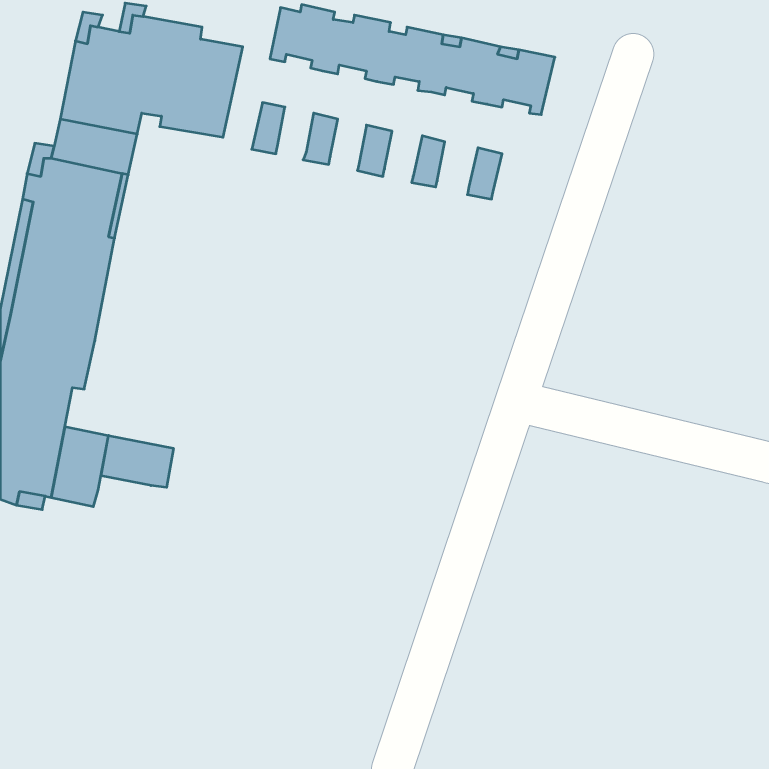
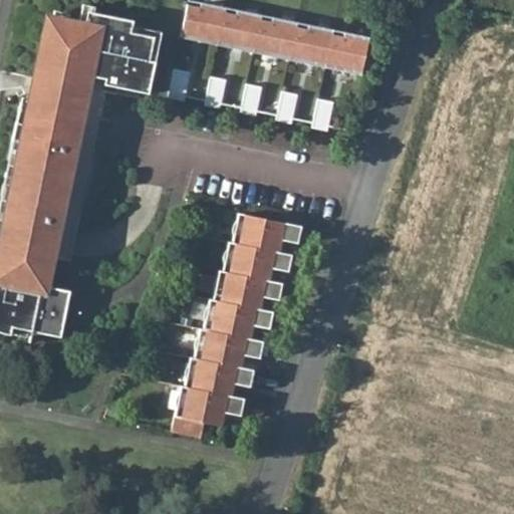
building: none -> [167,213,300,437]
building: [101,435,173,487] -> none

